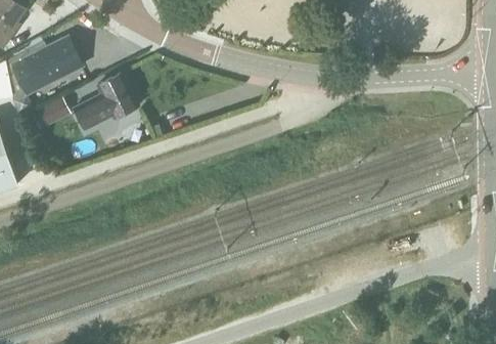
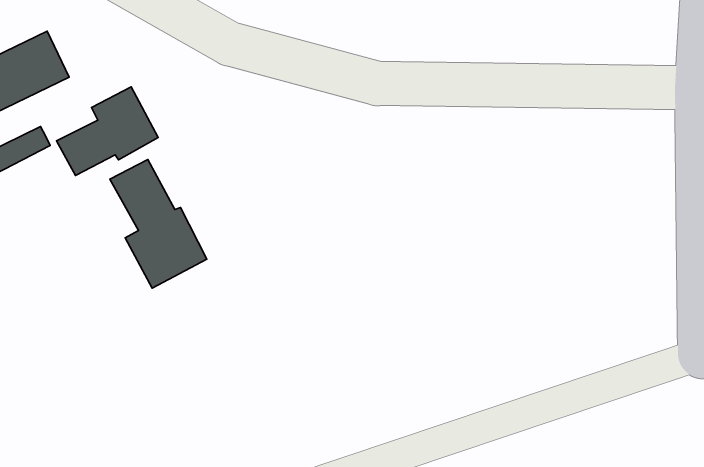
building: none -> [110,159,207,288]

